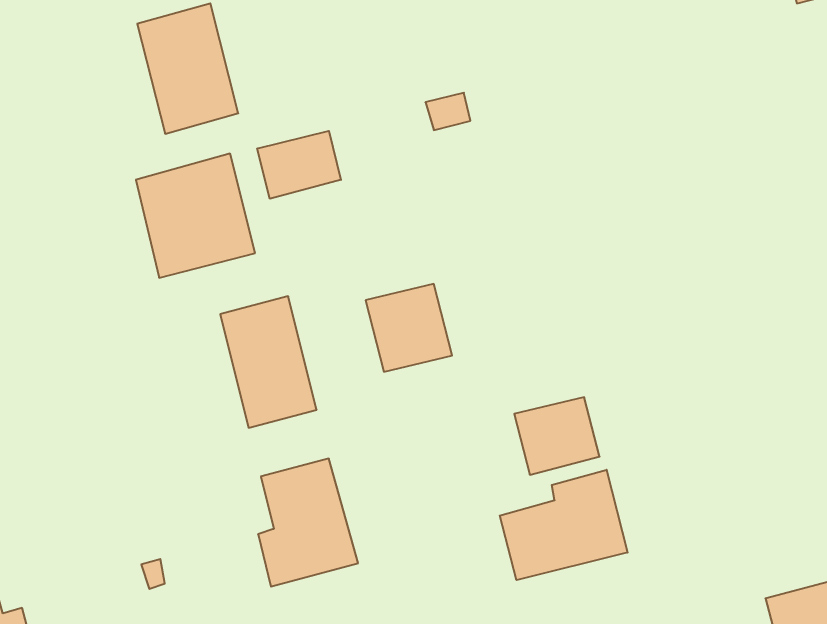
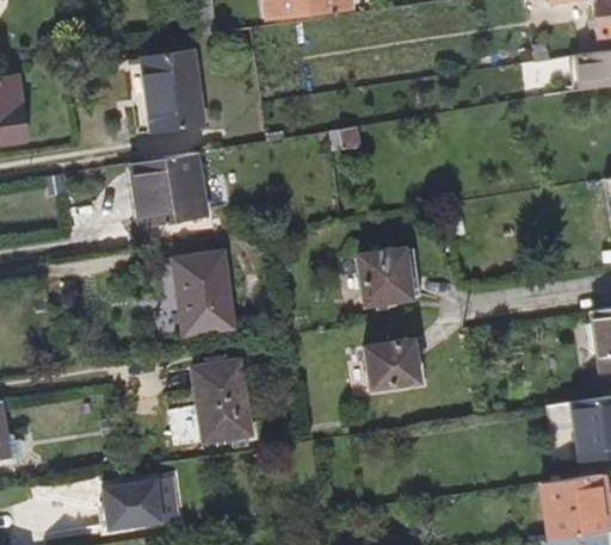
building: [257,131,341,199] -> none
building: [366,284,452,372] -> [358,249,412,304]
building: [500,470,628,580] -> none

